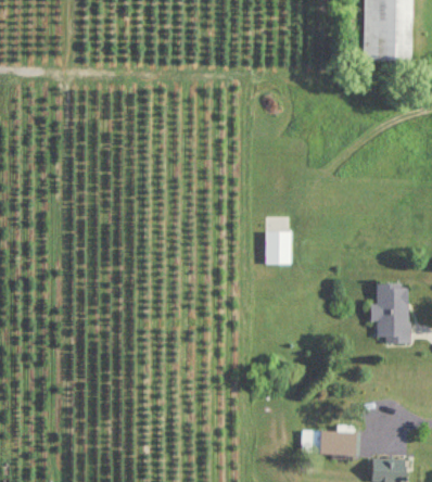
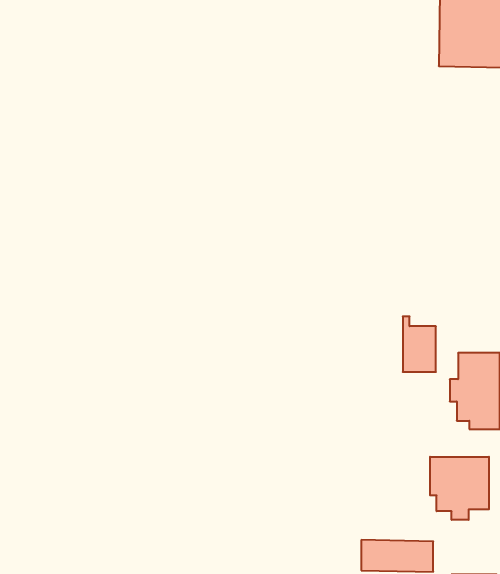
building: [265,220,291,264] -> [403,316,436,372]
building: none -> [430,457,489,520]

